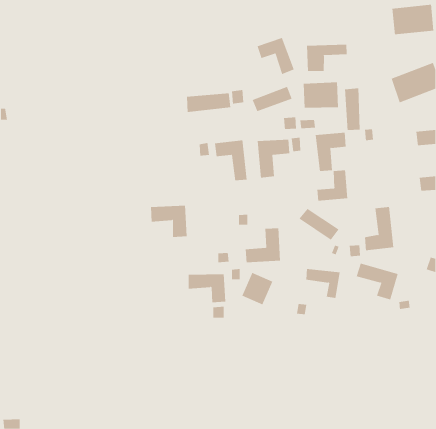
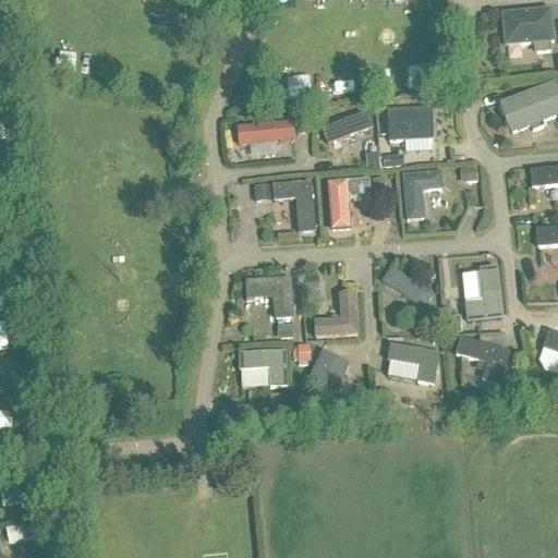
building: [257,37,295,75] -> none
building: [307,44,347,72] -> none
building: [344,87,360,131] -> none
building: [317,170,348,201] -> none
building: [150,205,188,238] -> [246,276,294,317]

